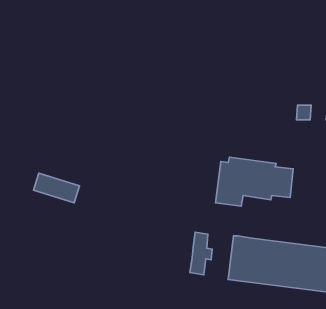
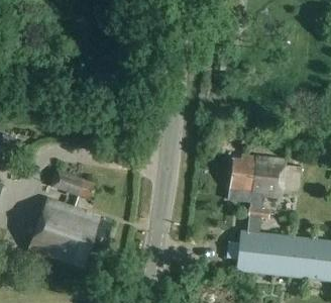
building: none -> [30,196,110,263]
building: [190,232,212,275] -> [247,191,268,231]

